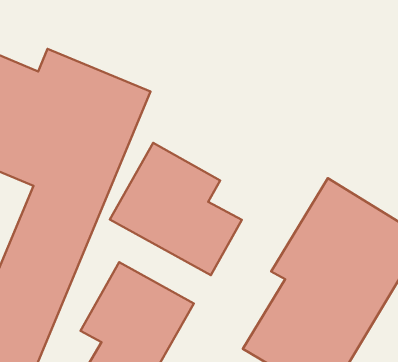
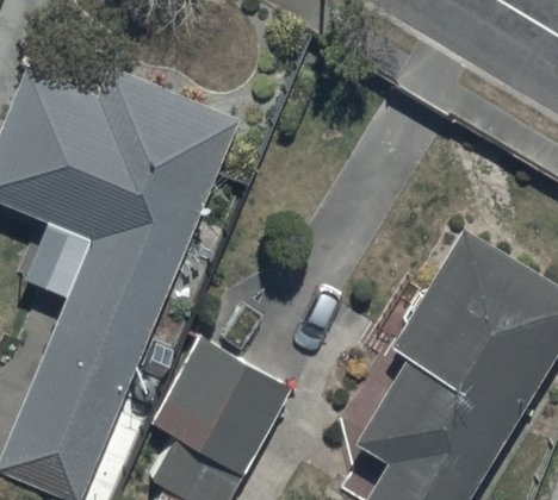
building: [110,143,242,275] -> none

